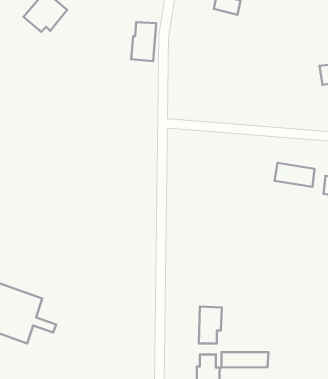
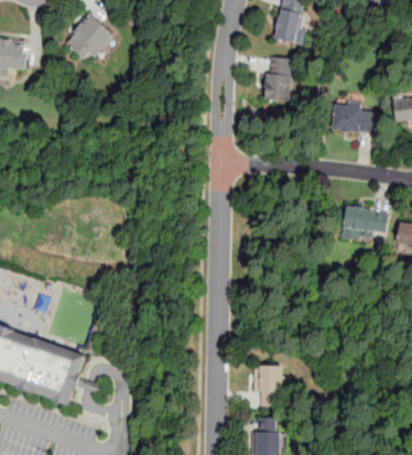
building: [131,22,156,61] -> [263,56,291,99]
building: none -> [333,104,377,131]
building: [221,352,268,367] -> none

